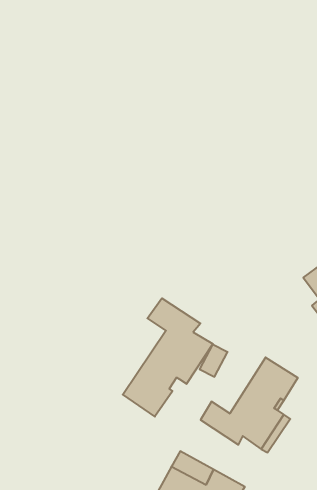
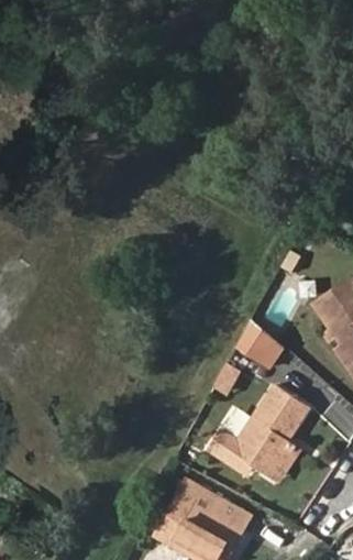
building: none -> [233,320,279,367]
building: [123,298,213,417] -> none

